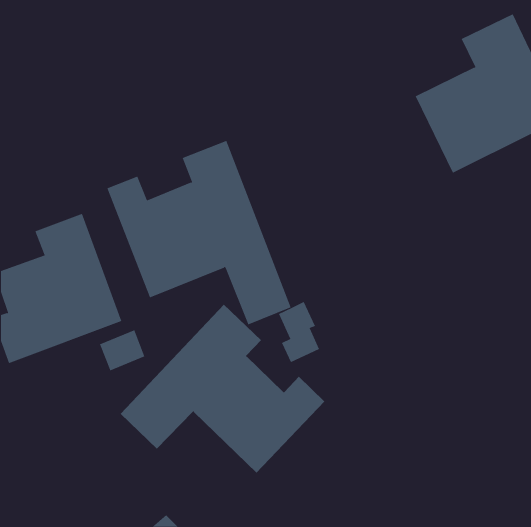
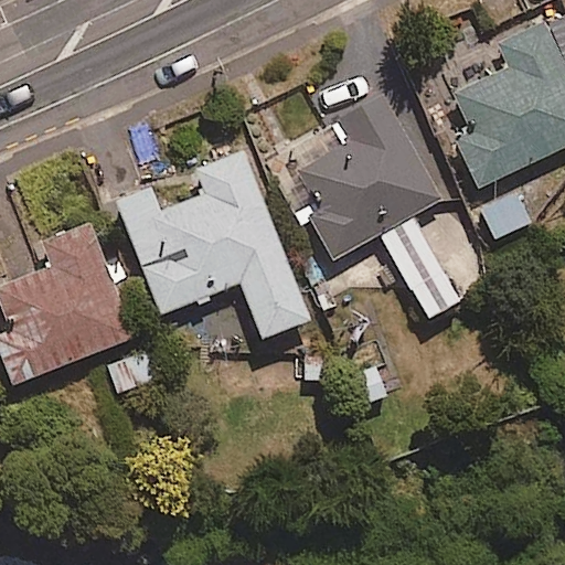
building: none -> [276,90,505,318]
building: [120,304,325,474] -> none

